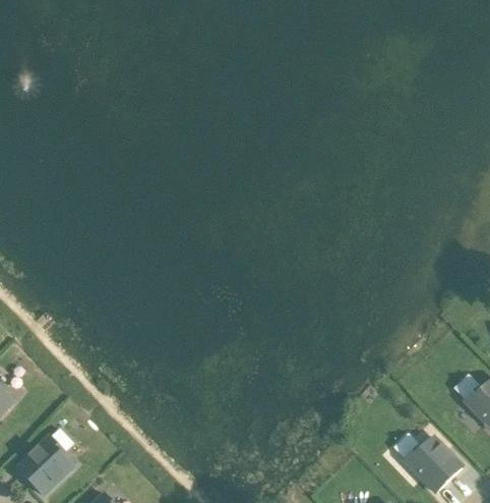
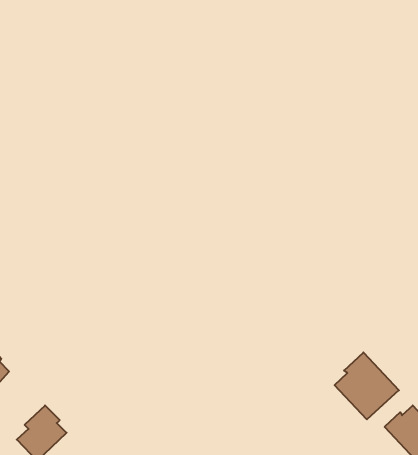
building: none -> [335,352,399,419]

